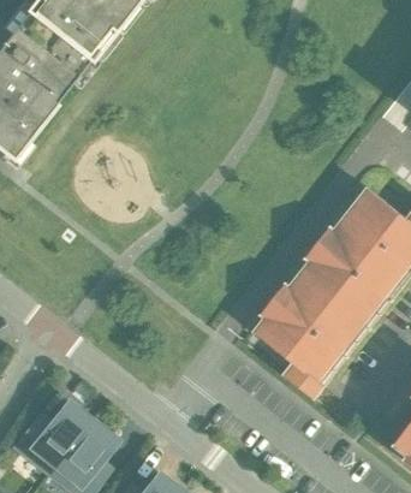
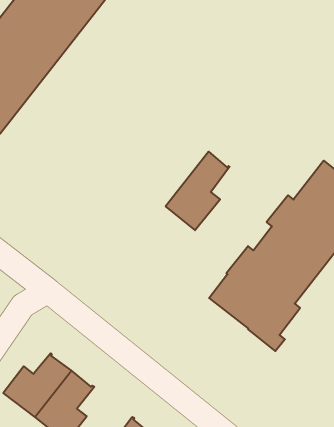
building: none -> [166,152,230,230]

